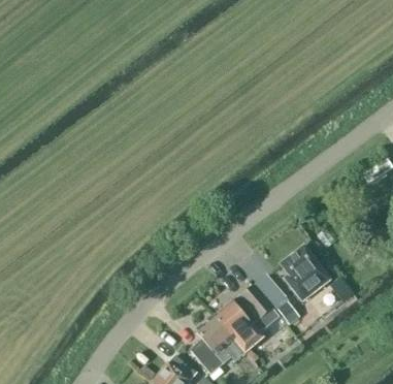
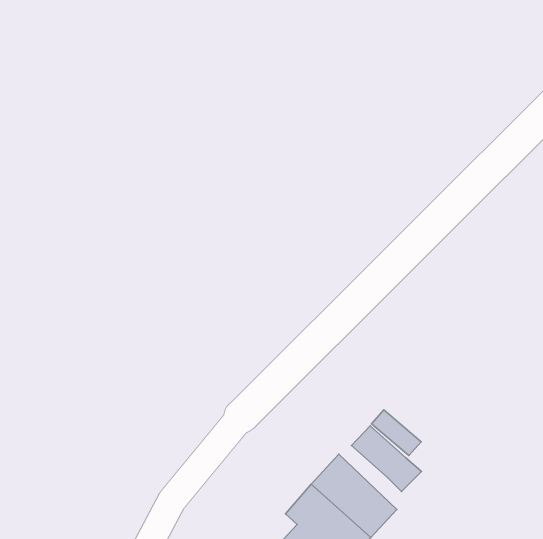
building: [280,245,329,300] -> none

